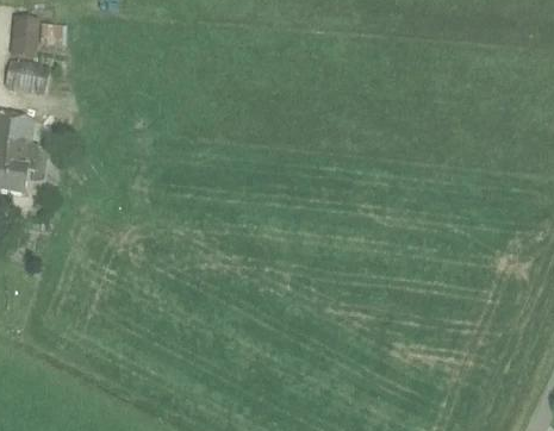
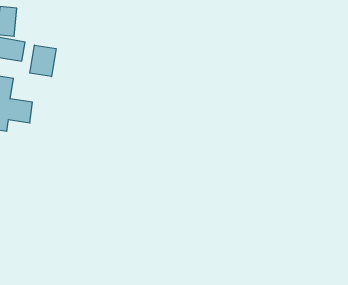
building: none -> [30,45,56,77]

